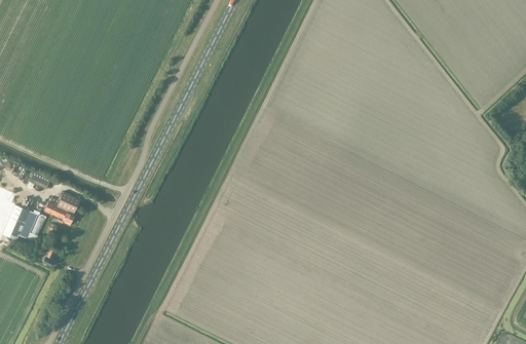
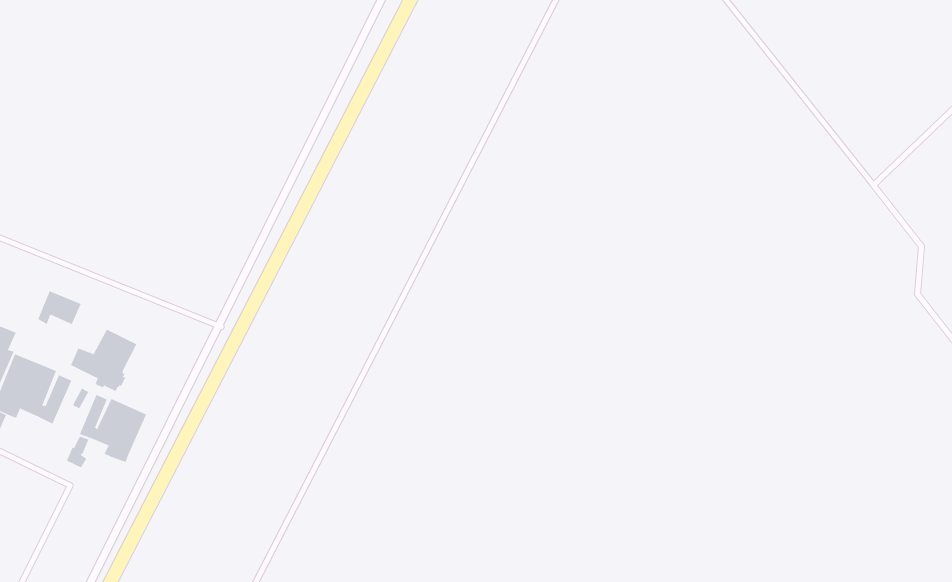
building: none -> [79,394,147,463]

